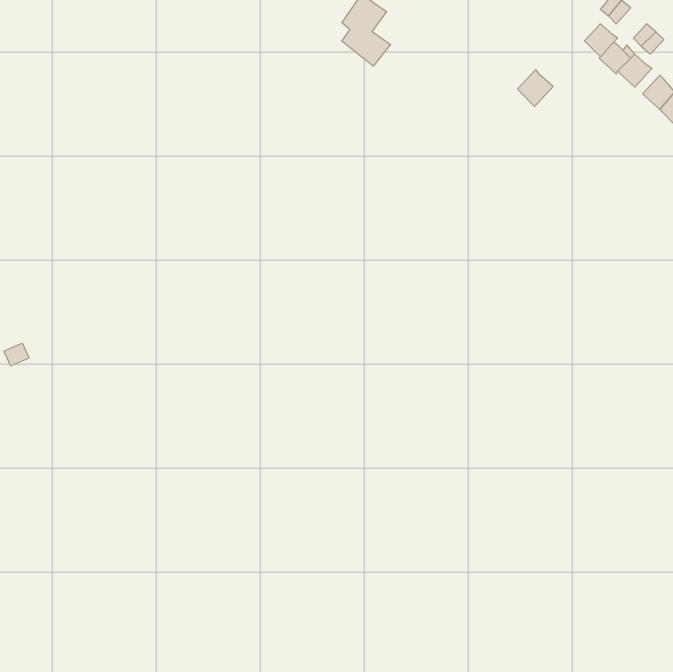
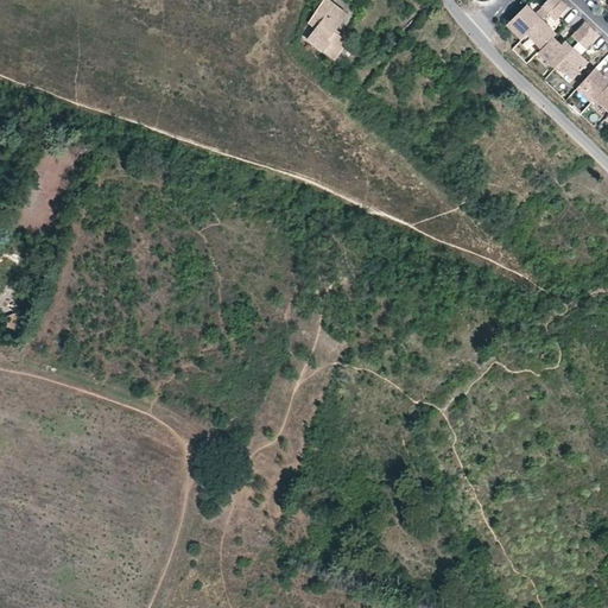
building: [518,69,553,106] -> [509,6,542,39]

